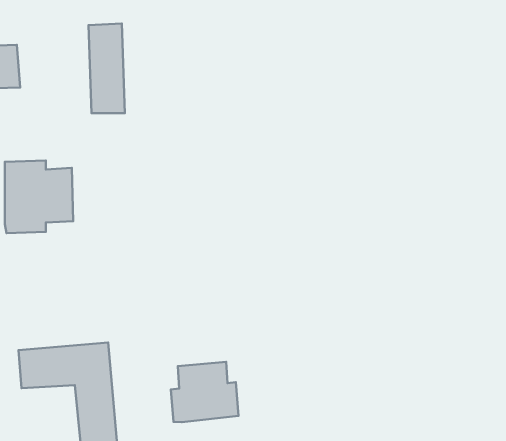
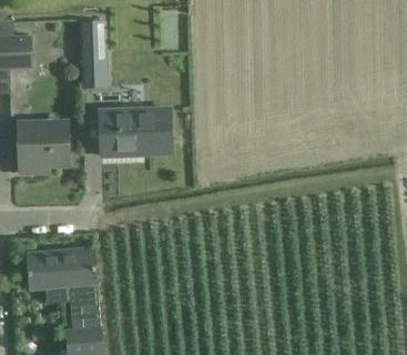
building: none -> [98,108,171,155]
building: [171,362,238,422] -> none

